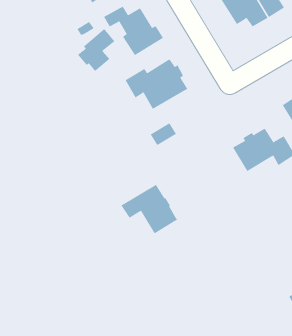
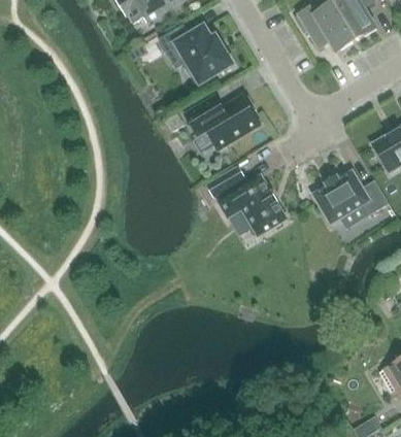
building: [77,28,115,72] -> none
building: [121,184,179,234] -> [219,176,288,236]

